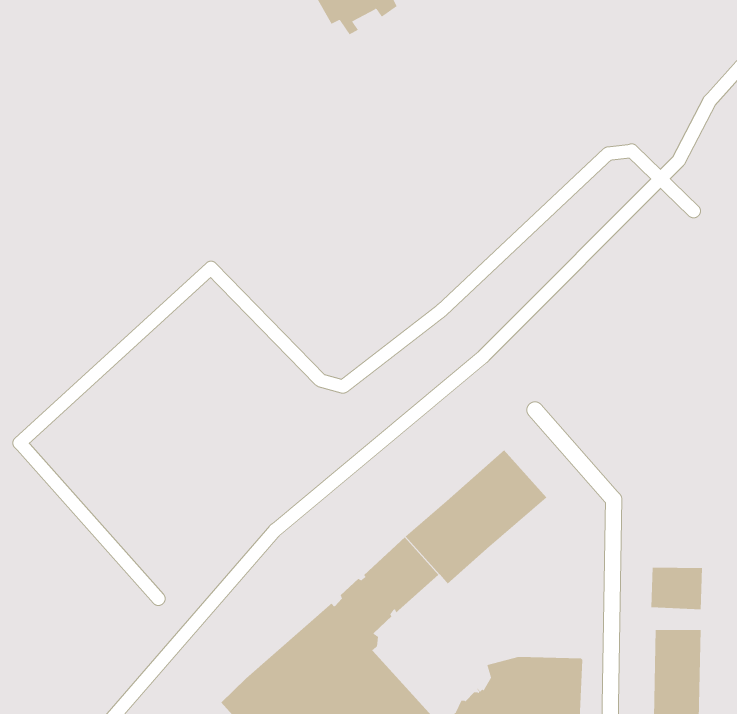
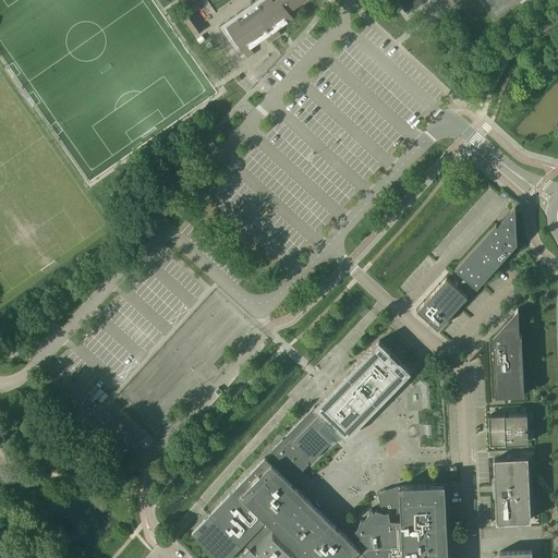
building: none -> [456,207,518,289]
building: none -> [418,279,468,330]
building: none -> [493,310,525,398]

